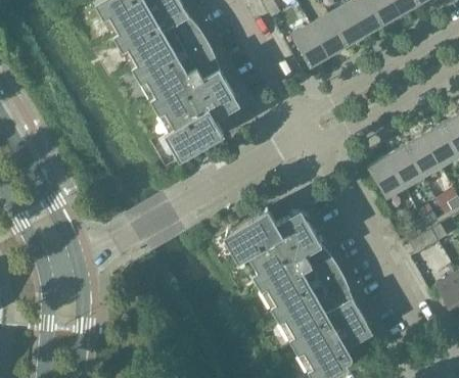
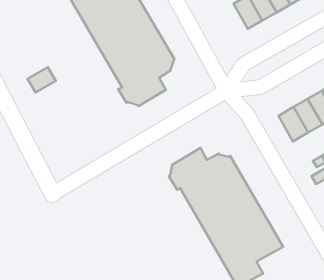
building: [292,23,329,66] -> none
building: none -> [28,67,56,93]

